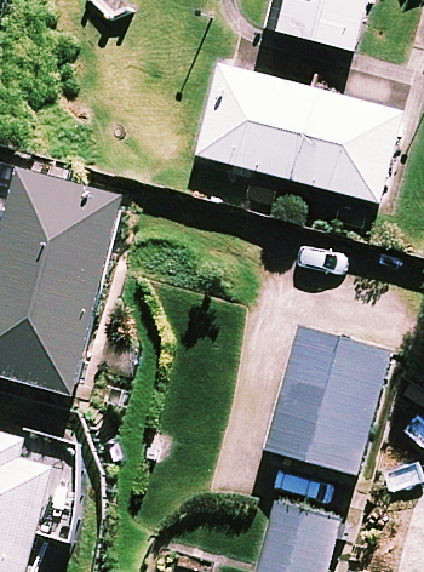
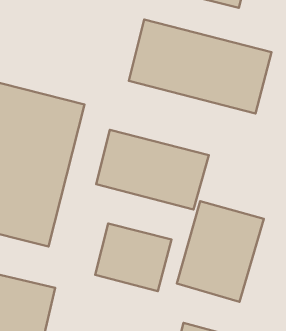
building: none -> [96,130,209,210]
building: none -> [95,223,172,291]

